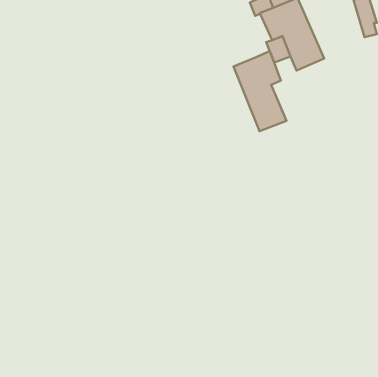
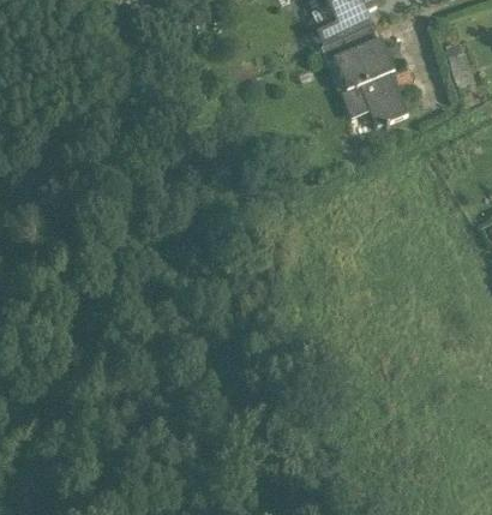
building: [234,51,286,131] -> none

